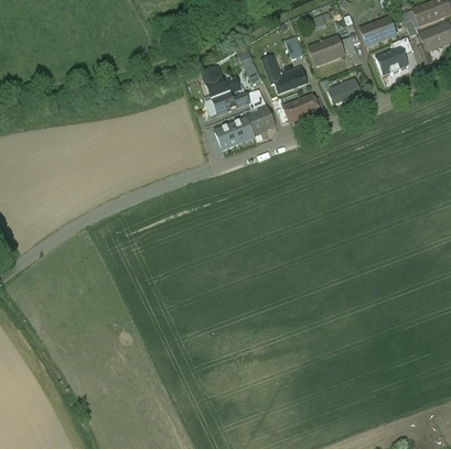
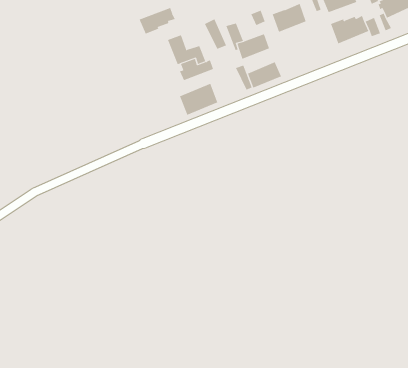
building: none -> [139,7,175,34]
building: [327,78,361,103] -> none
building: [246,107,275,133] -> none

